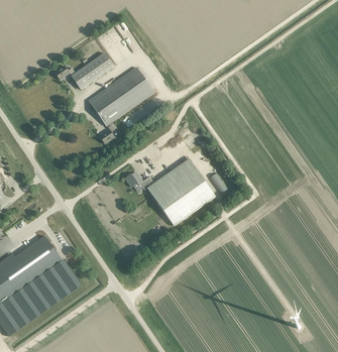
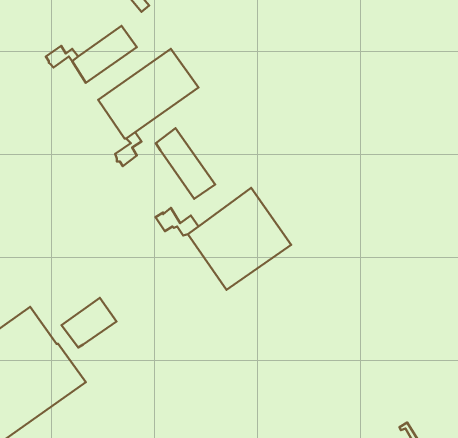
building: none -> [156,128,215,199]
building: none -> [61,298,117,348]

